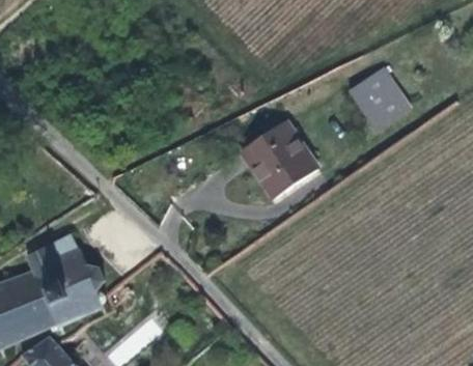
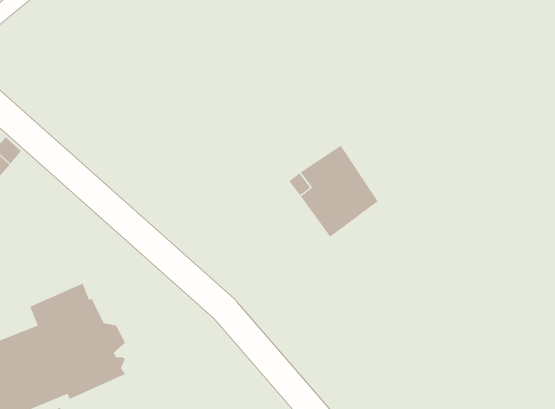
building: [347,66,408,129] -> none

